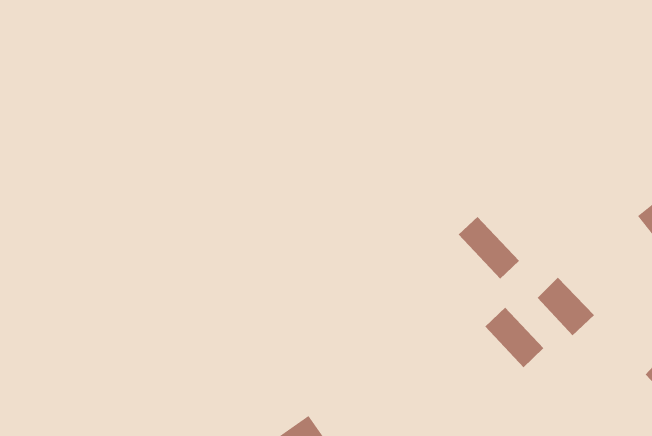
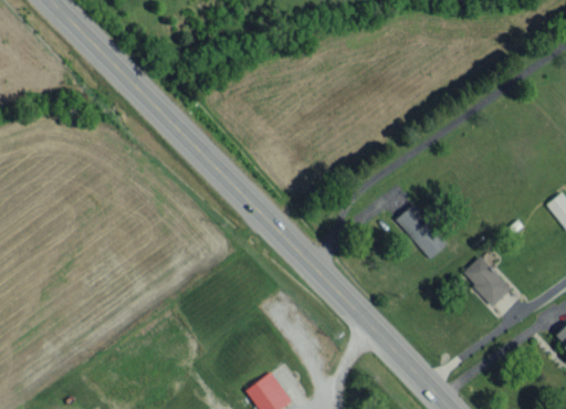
building: [484,307,544,368] -> none

